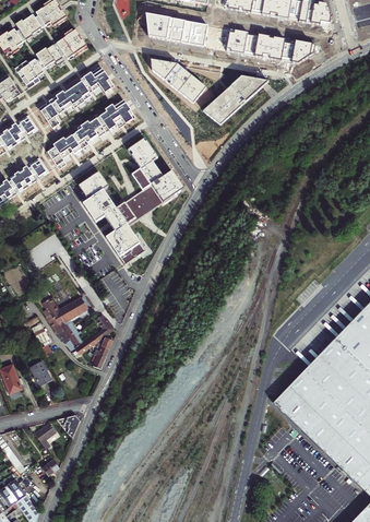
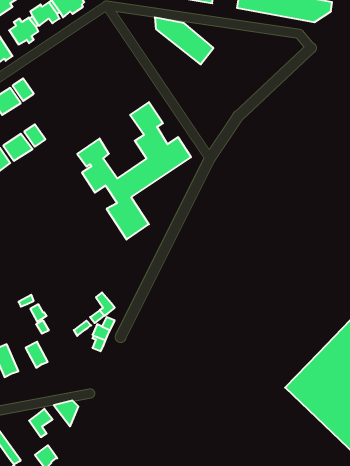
building: [38,68,115,128] -> none
building: [203,75,268,123] -> none
building: [47,99,133,167] -> none
building: [43,293,94,348] -> none

